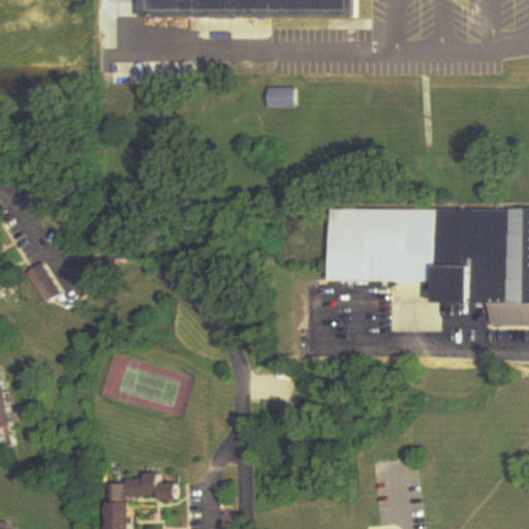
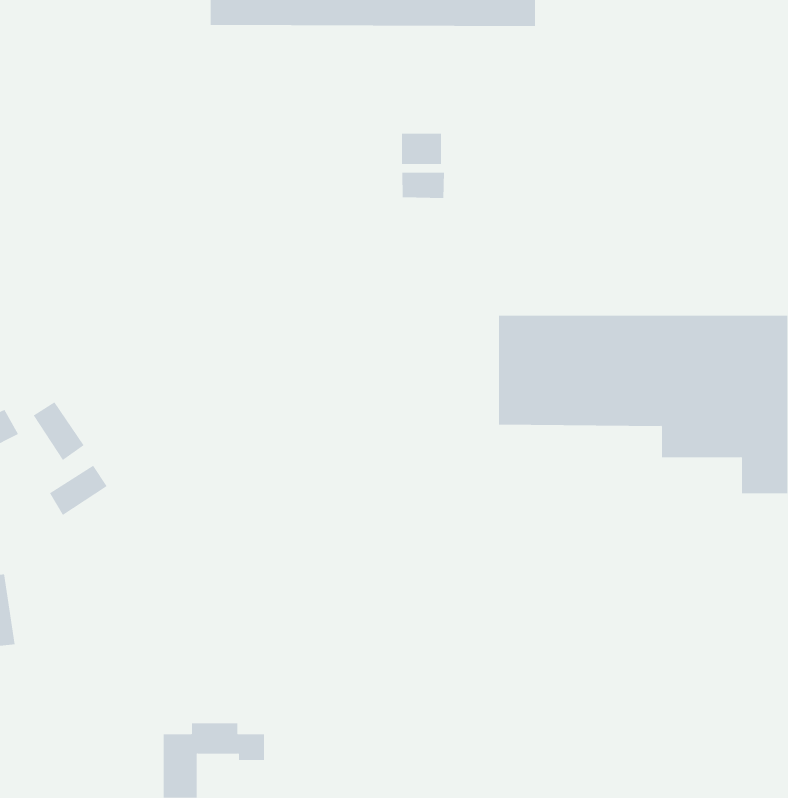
building: none -> [402,172,445,199]
building: none -> [49,465,108,516]

